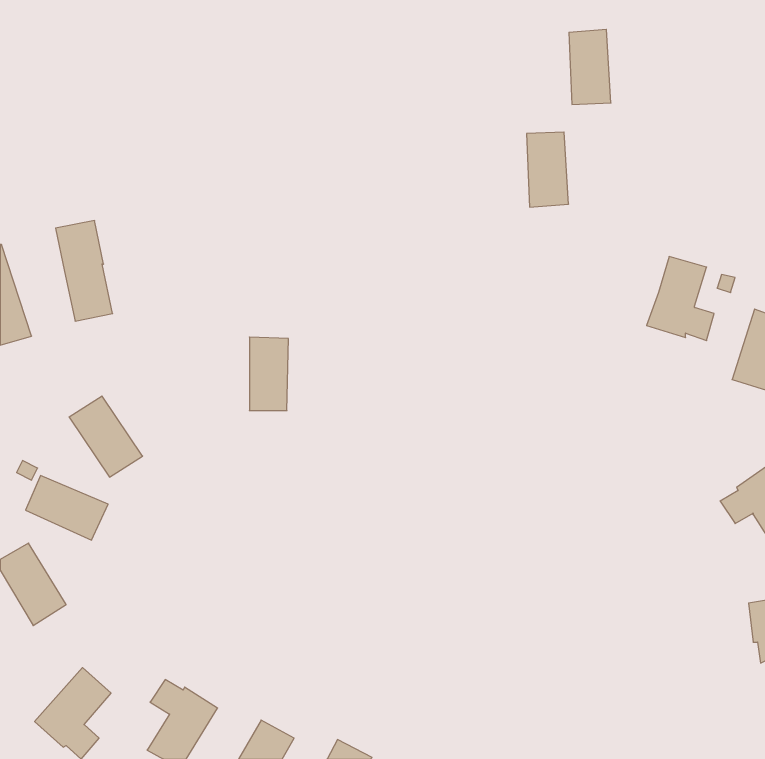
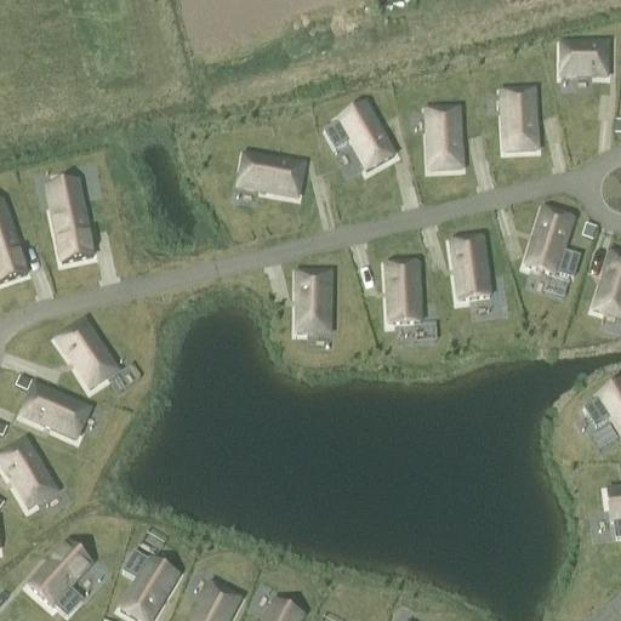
building: [569,29,611,104] -> [502,87,536,148]
building: none -> [560,42,605,74]
building: none -> [324,102,394,169]
building: none -> [239,153,302,194]
building: none -> [450,235,490,298]
building: none -> [386,261,420,321]
building: [249,337,288,411] -> [297,270,329,330]

